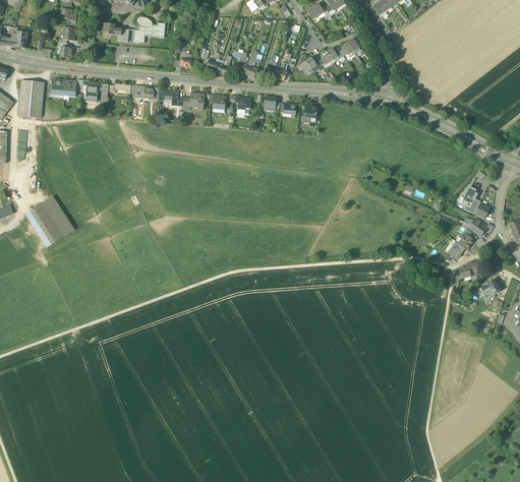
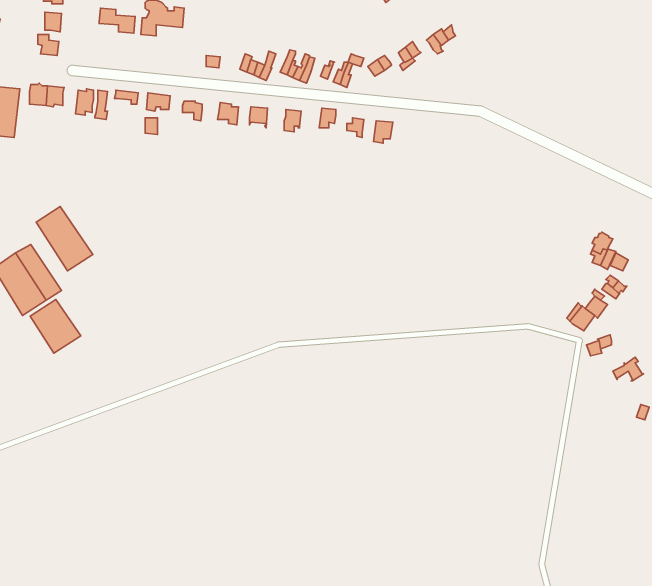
building: none -> [36,206,93,271]
building: none -> [30,299,81,353]

